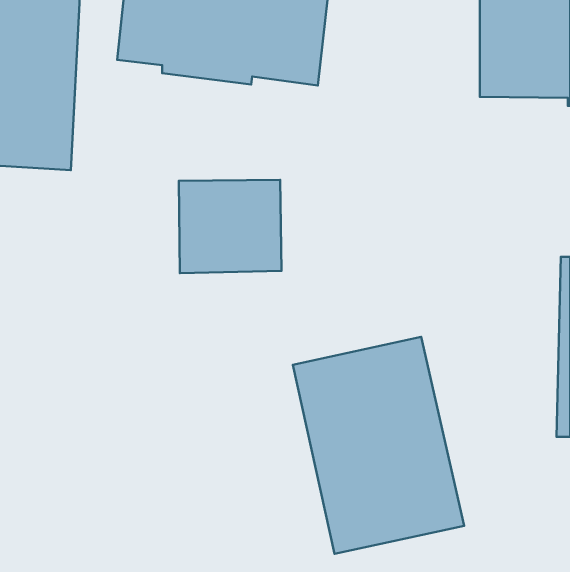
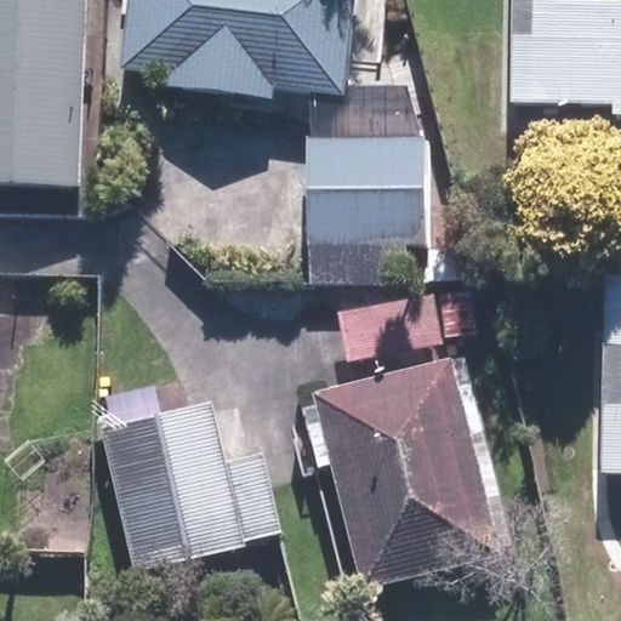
building: [179,180,281,273] -> [310,142,421,243]
building: none -> [104,405,278,568]

